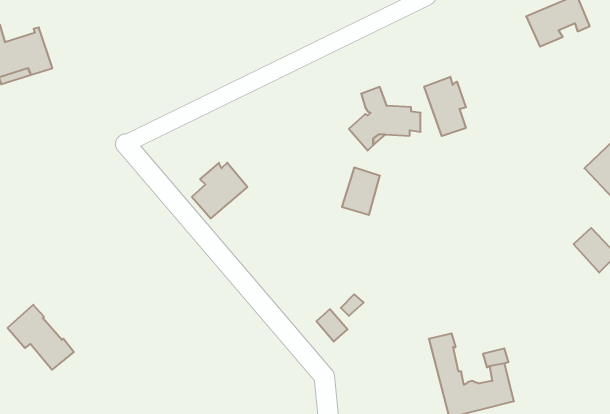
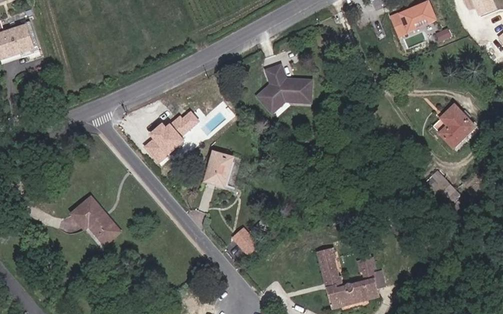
building: [424,77,466,136] -> none
building: none -> [170,109,199,134]
building: [342,168,380,215] -> [205,151,233,186]
building: [8,305,74,370] -> [72,196,121,244]

